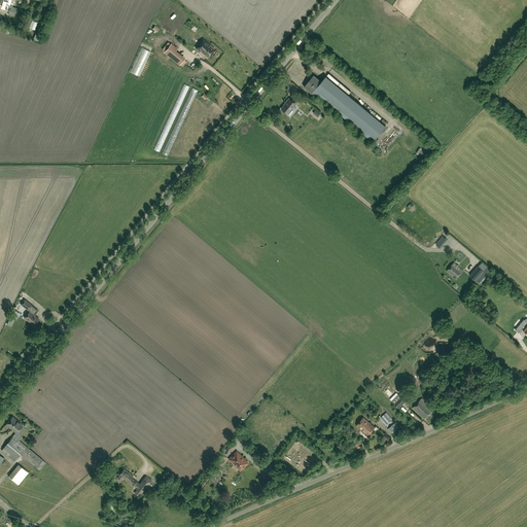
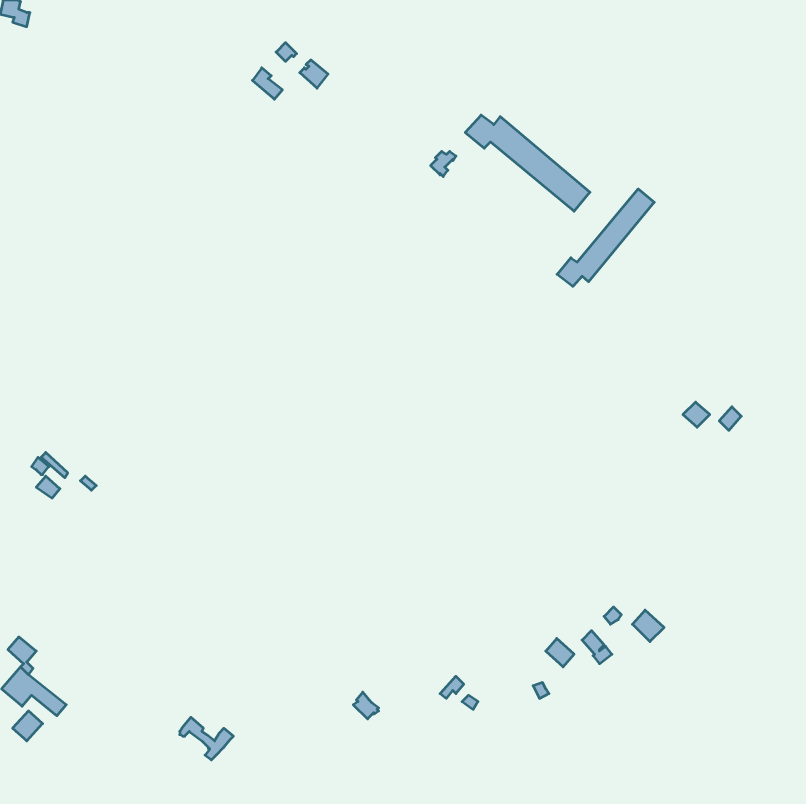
building: none -> [557,189,654,286]

